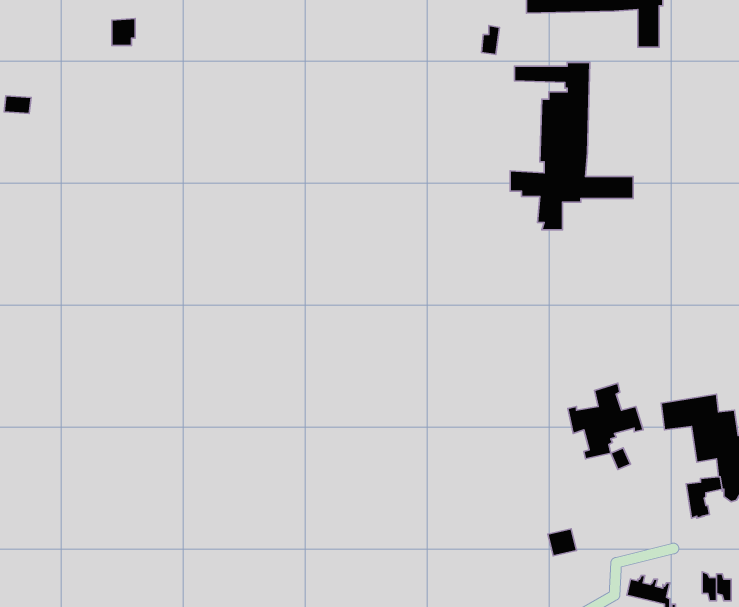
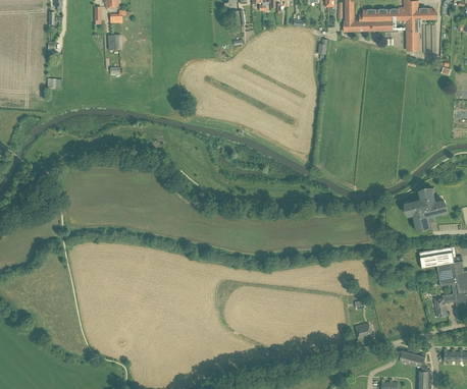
building: [510,62,633,230] -> none
building: [568,383,643,459] -> [405,187,448,230]

